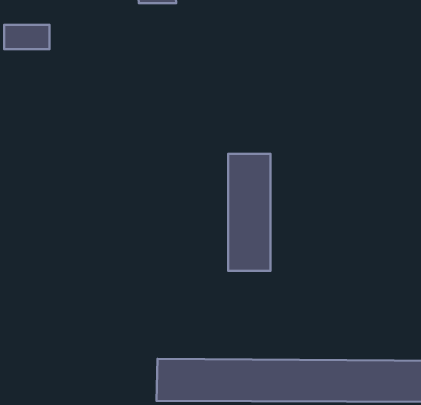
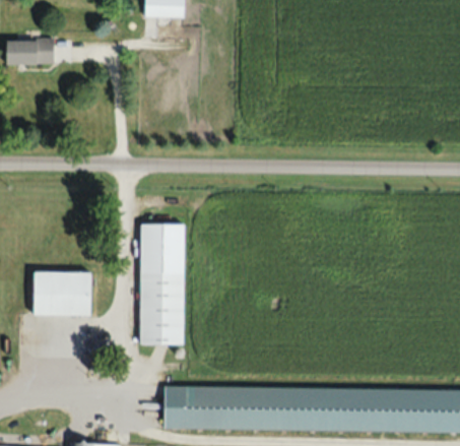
building: [228,154,271,271] -> [140,224,184,344]
building: none -> [34,271,91,316]

